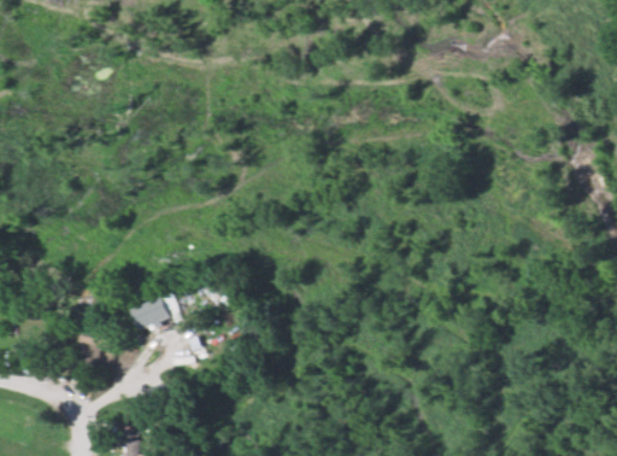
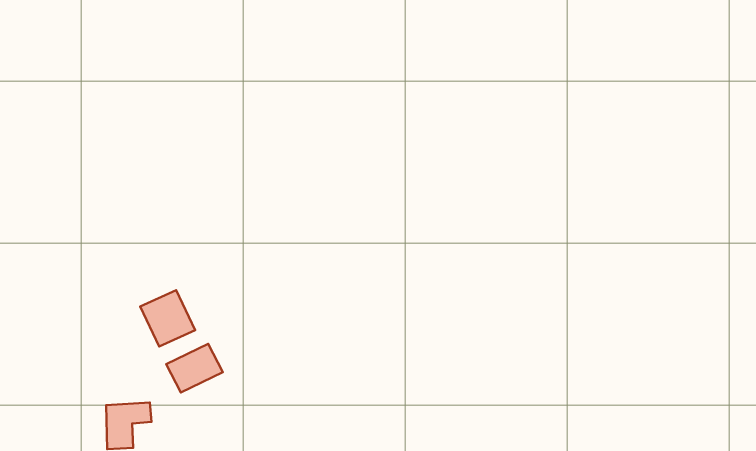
building: none -> [140,290,195,346]

